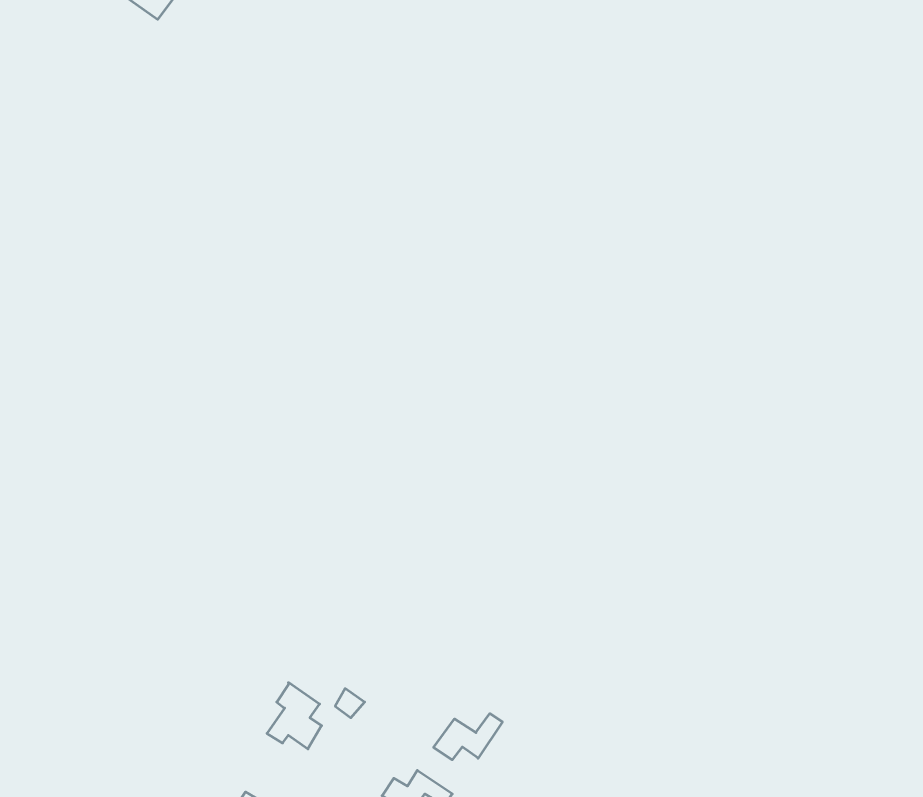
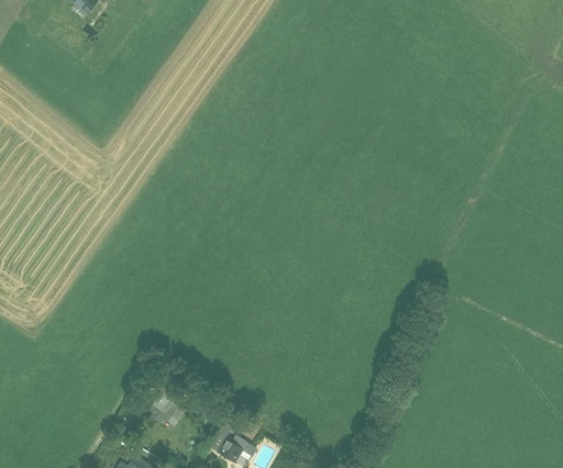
building: [434,714,502,760] -> none

